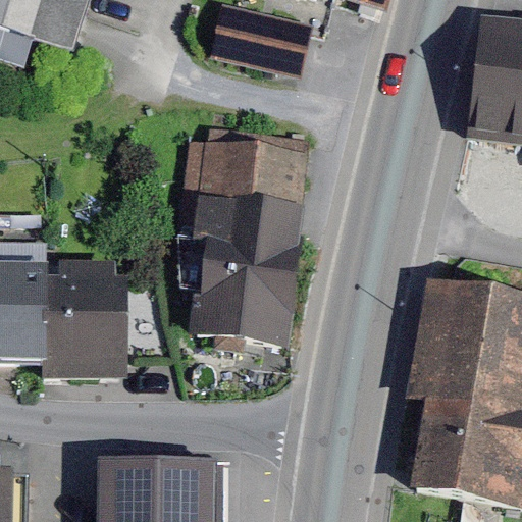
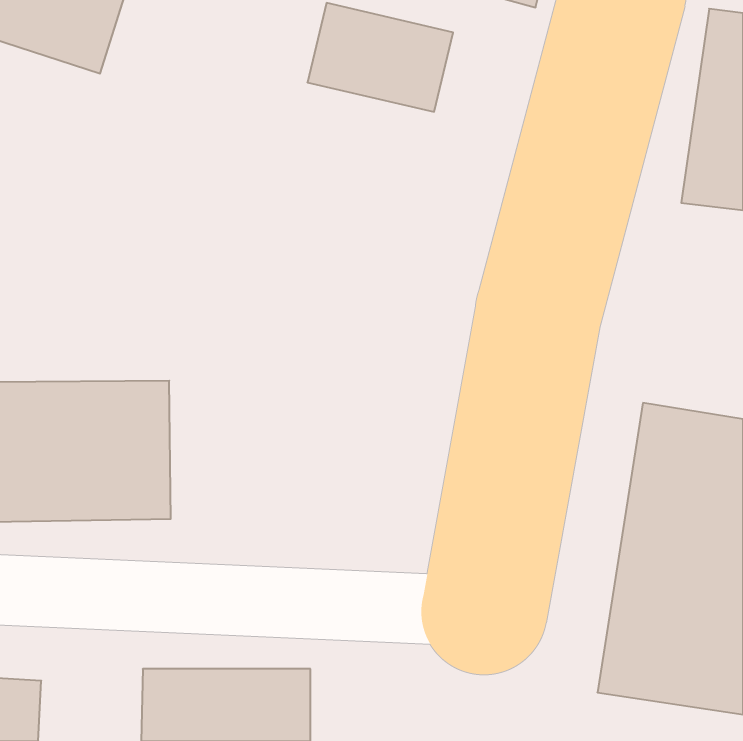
building: [184,135,308,349] -> none

